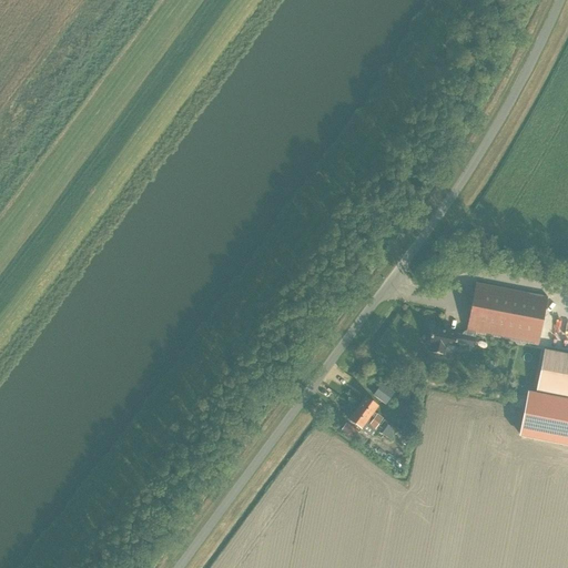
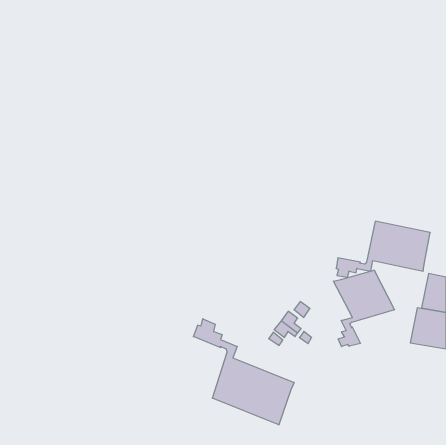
building: none -> [334,270,395,347]
building: none -> [193,319,294,425]

